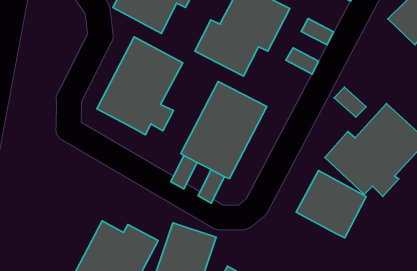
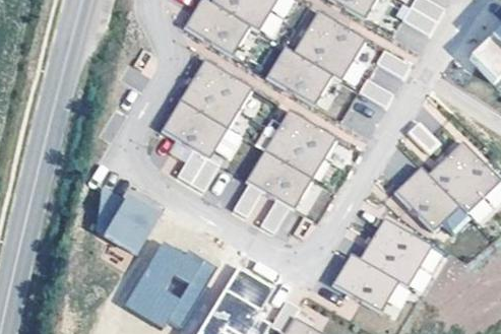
building: none -> [178,150,220,193]
building: none -> [97,190,160,256]
building: none -> [335,244,401,303]

